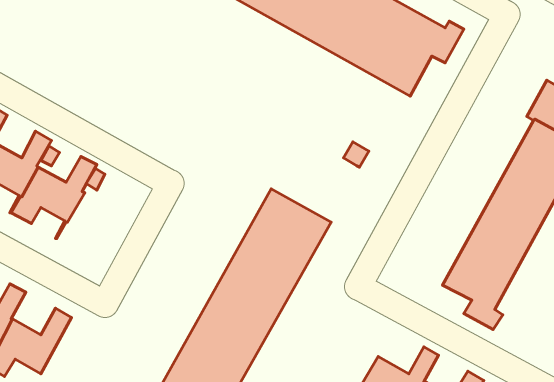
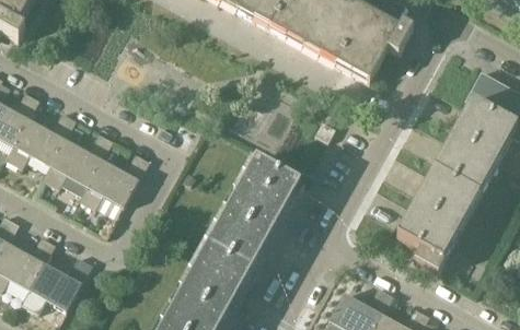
building: none -> [79,151,149,207]

